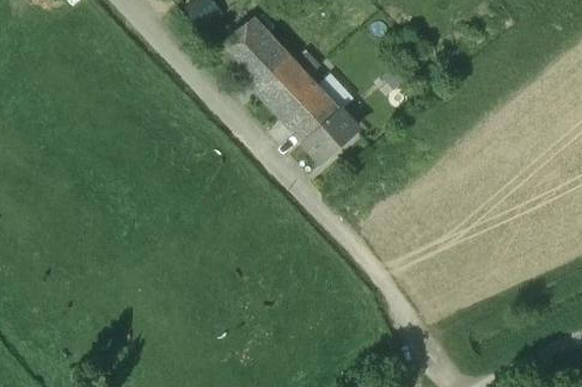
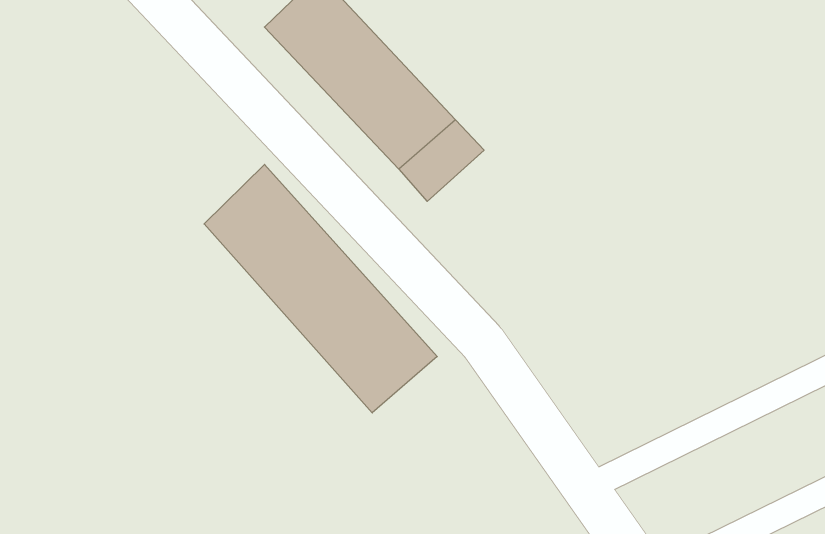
building: none -> [204,164,437,413]

